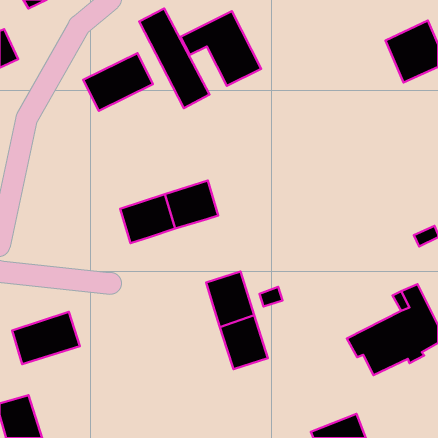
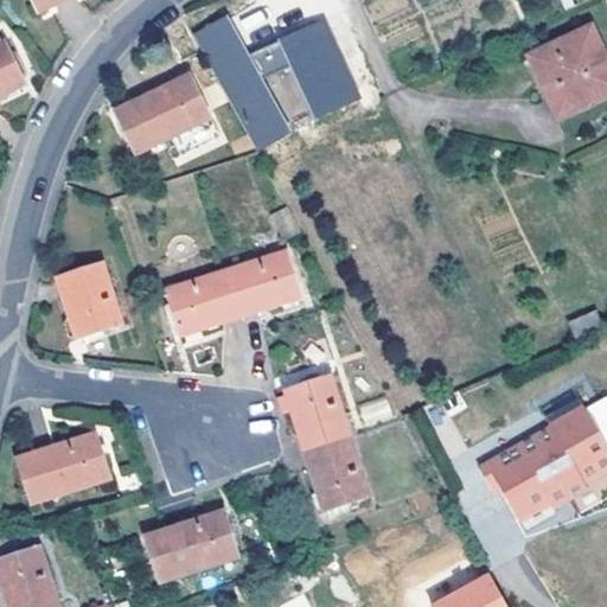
building: none -> [57,263,122,338]
building: none -> [145,510,238,583]

